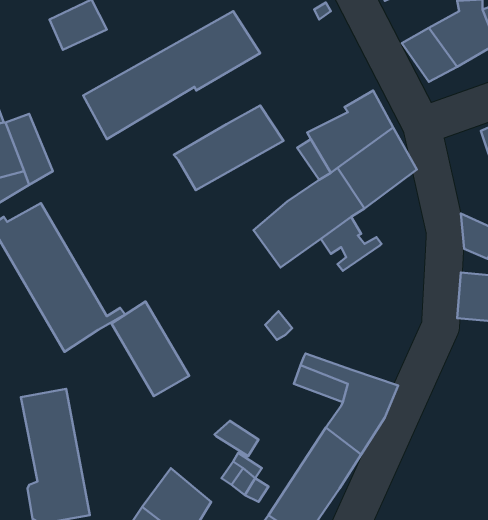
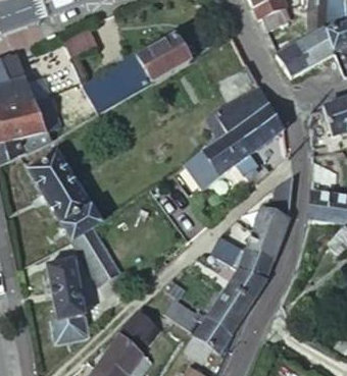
building: [174,105,283,190] -> none
building: none -> [246,172,294,260]
building: [112,302,189,396] -> [71,226,118,283]

